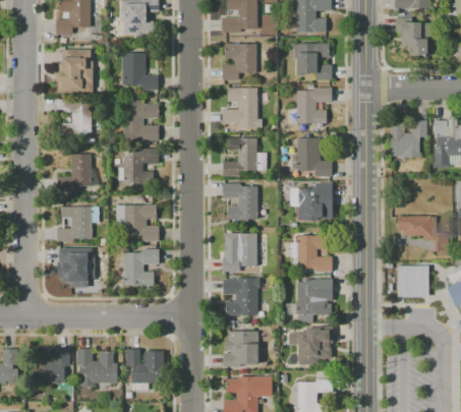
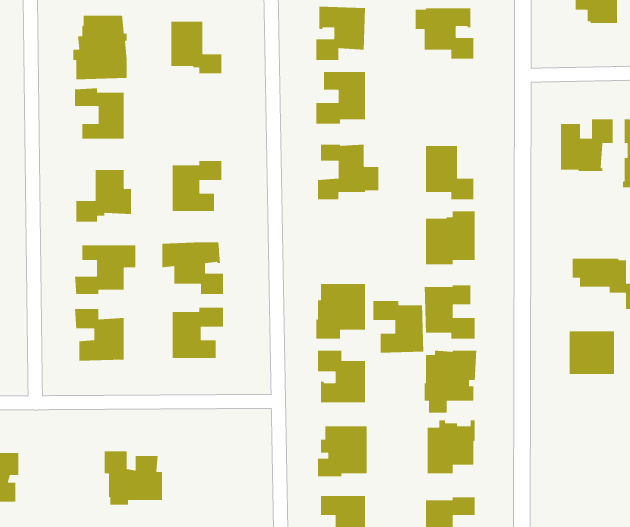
building: [287,87,332,123] -> none
building: [126,100,160,142] -> none
building: [223,183,258,220] -> [372,300,424,354]
building: [33,348,70,382] -> none
building: [127,349,165,390] -> none

